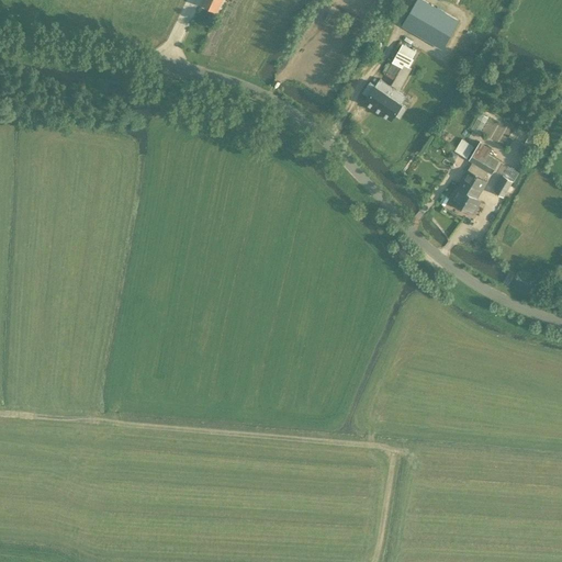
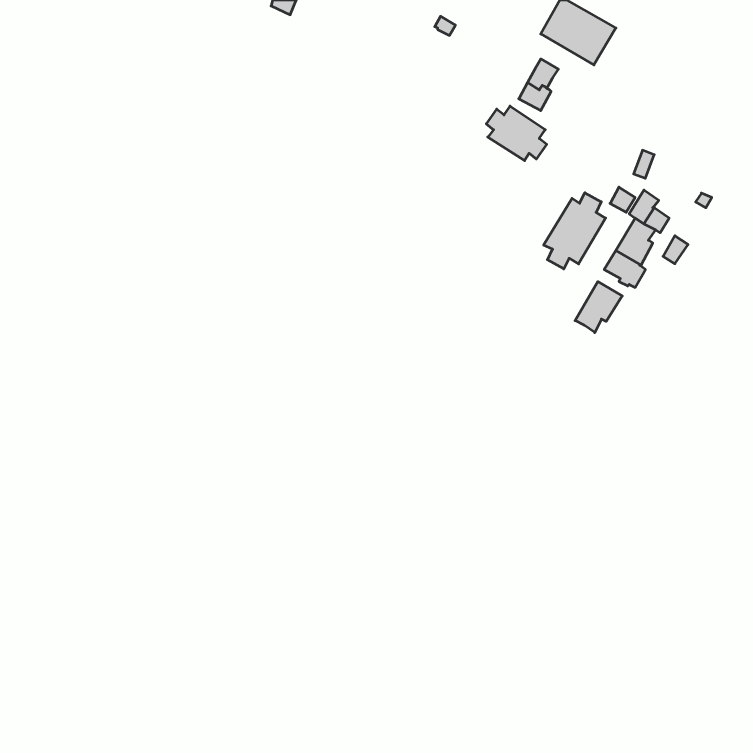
building: none -> [544,193,606,269]
building: none -> [575,282,622,333]

